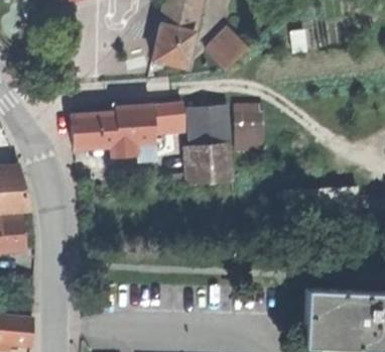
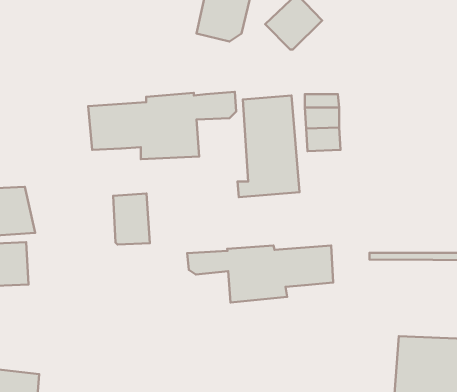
building: none -> [113,194,150,244]
building: none -> [187,245,333,302]

